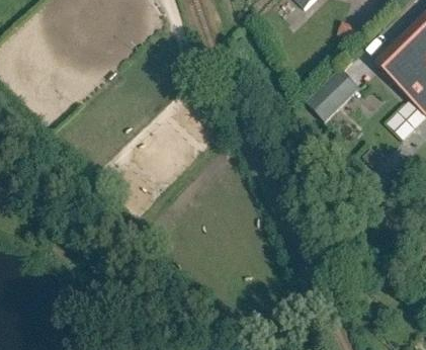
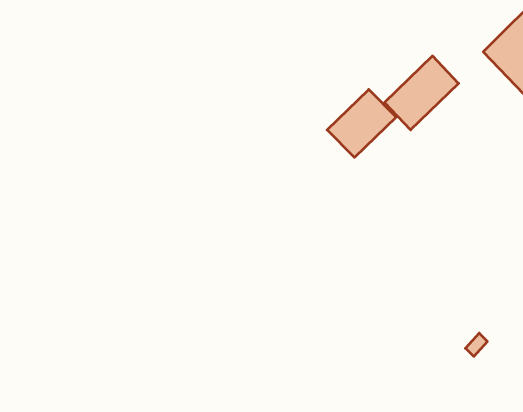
building: none -> [327,89,396,157]

